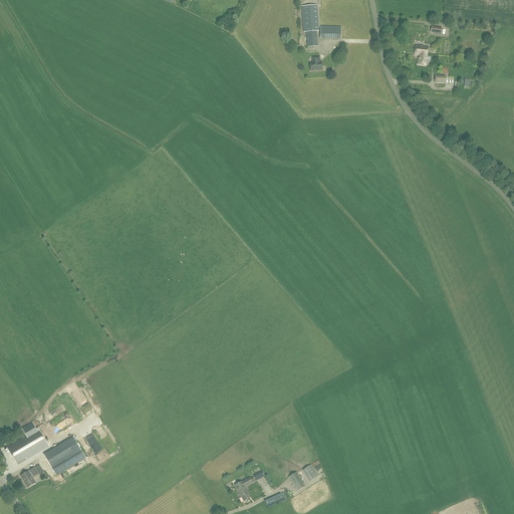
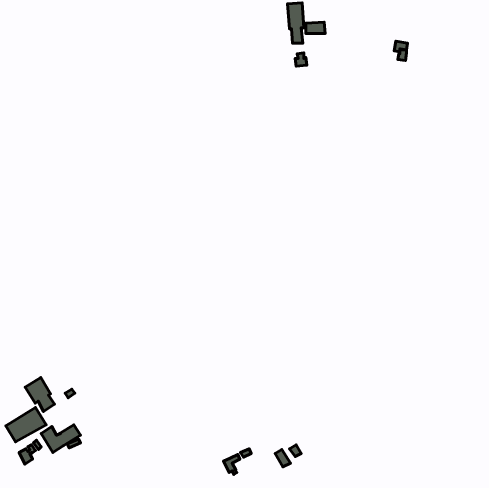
building: none -> [25,378,54,412]

